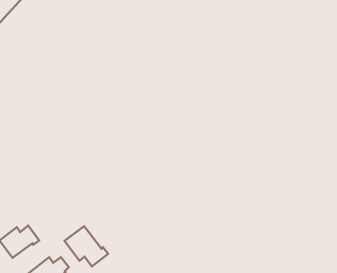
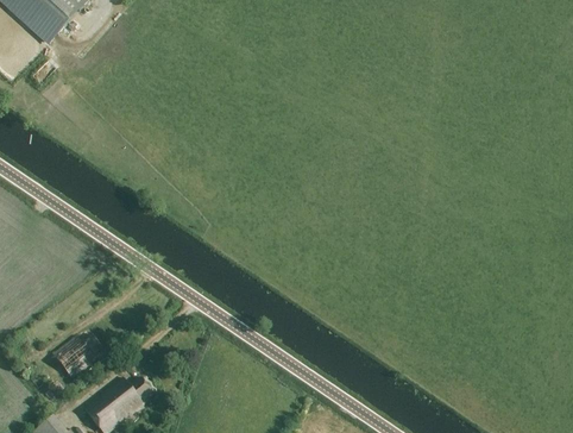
building: [65,226,108,266] -> none

